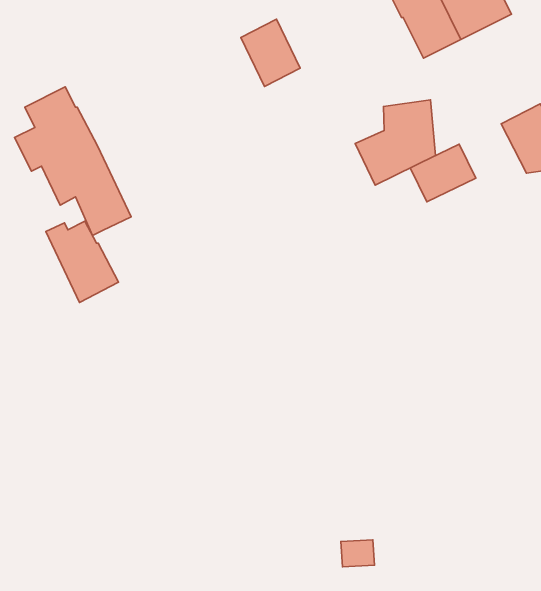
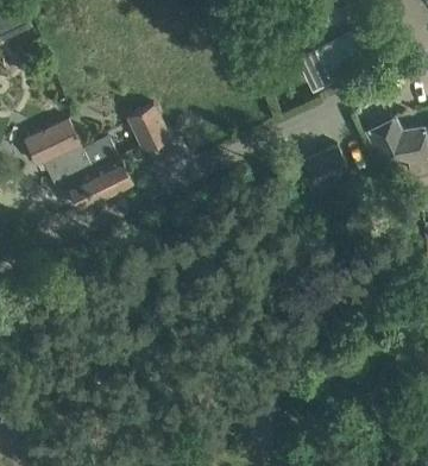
building: [241,19,300,87] -> [127,106,169,153]
building: [355,100,436,185] -> none
building: [46,221,118,302] -> [82,141,133,199]

